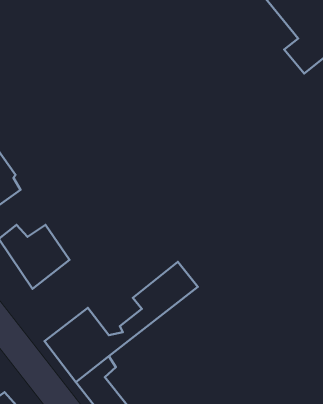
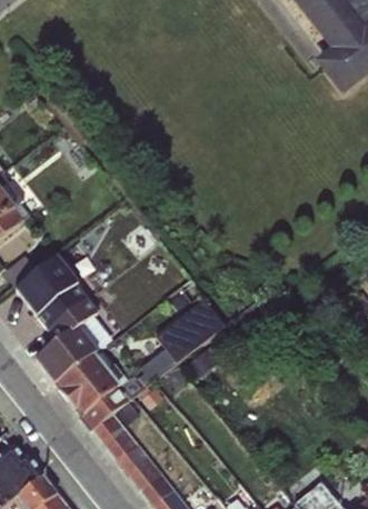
building: none -> [36,296,112,386]

